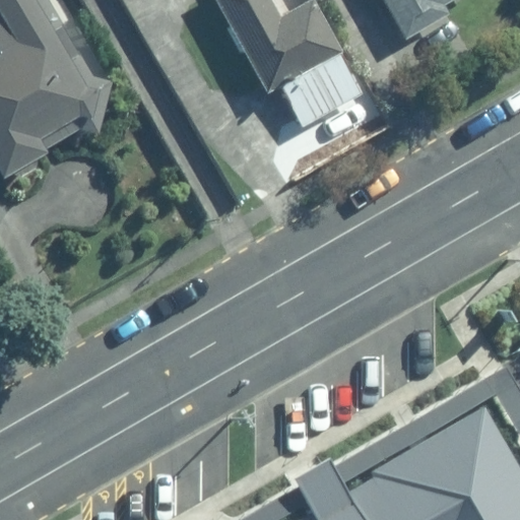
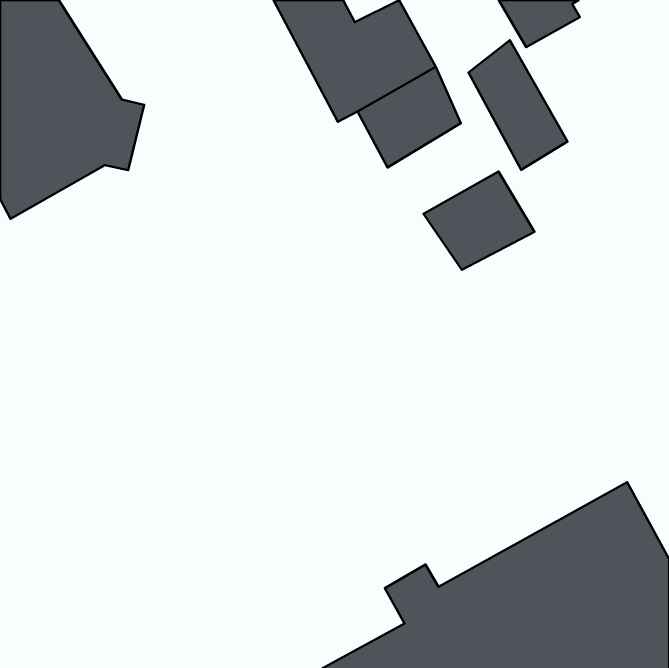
building: none -> [469,40,567,170]
building: none -> [424,171,534,270]

